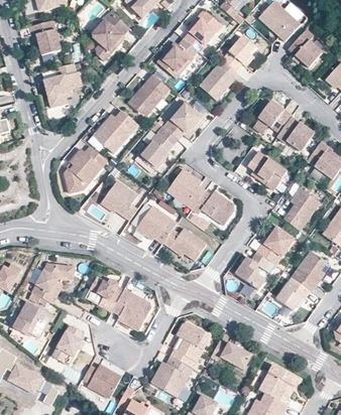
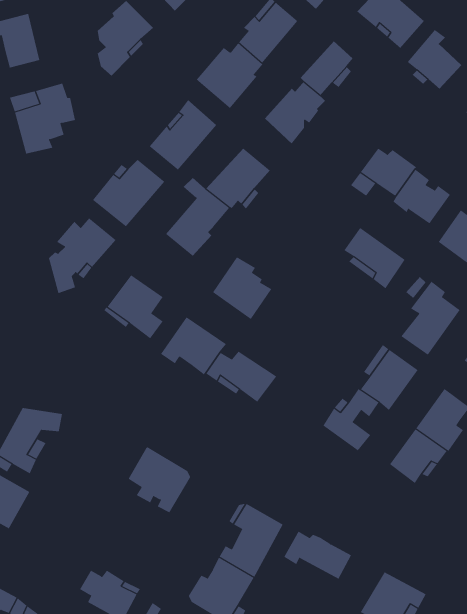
building: [191,189,233,226] -> none
building: [92,275,125,308] -> none
building: [52,323,85,360] -> none

